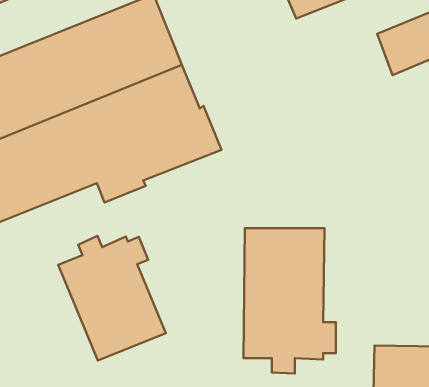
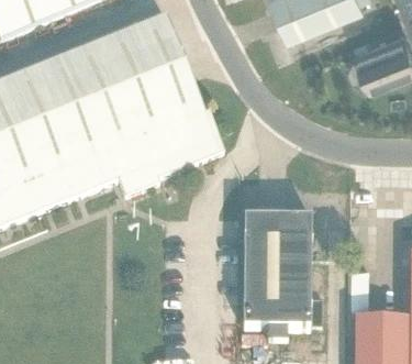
building: [58,236,166,361] -> none

